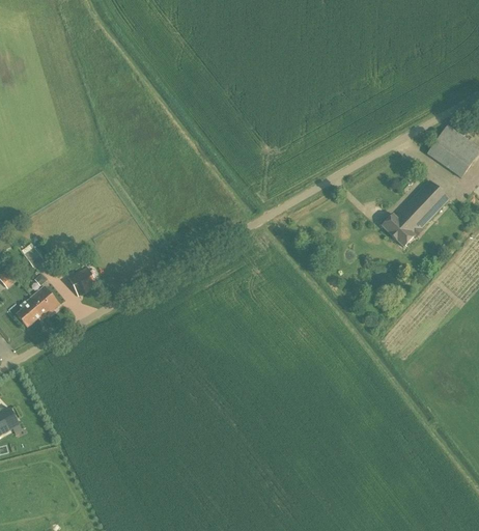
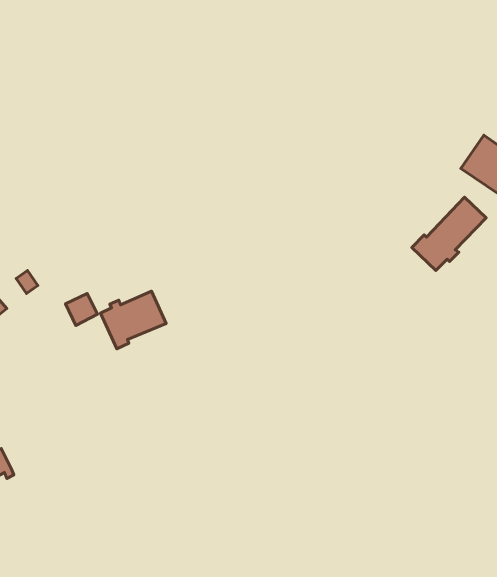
building: none -> [100,291,166,349]
building: [16,285,59,327] -> none

